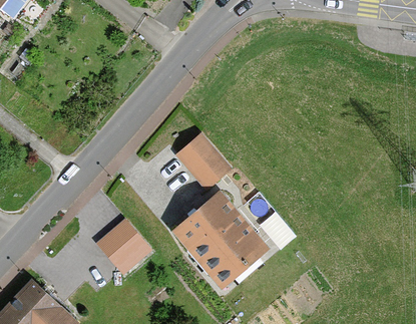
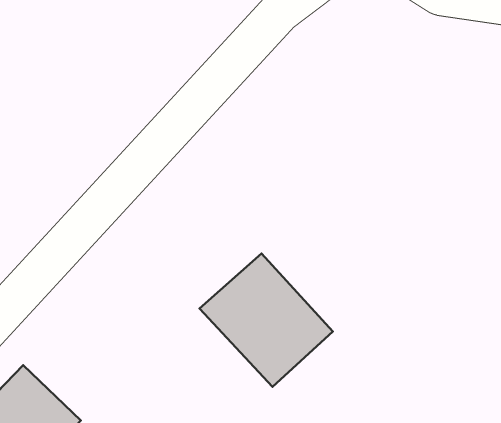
building: [176,133,234,191] -> none
building: [97,217,152,273] -> none

